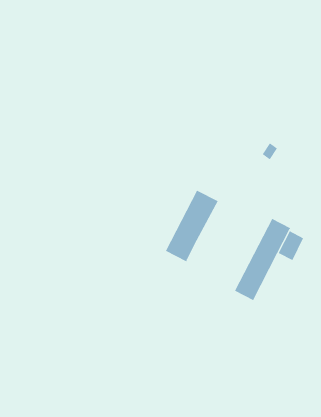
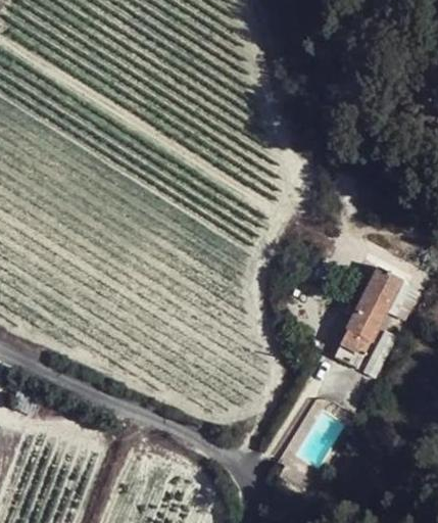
building: [165,190,218,262] -> none

